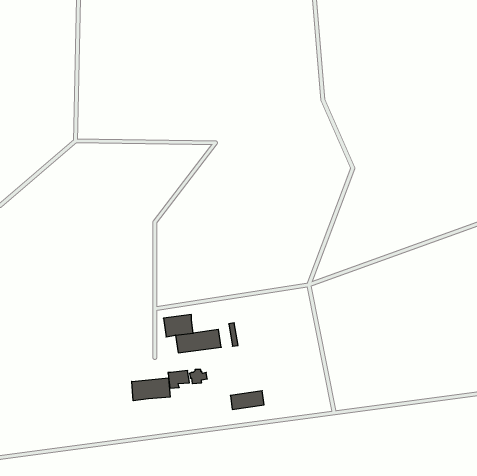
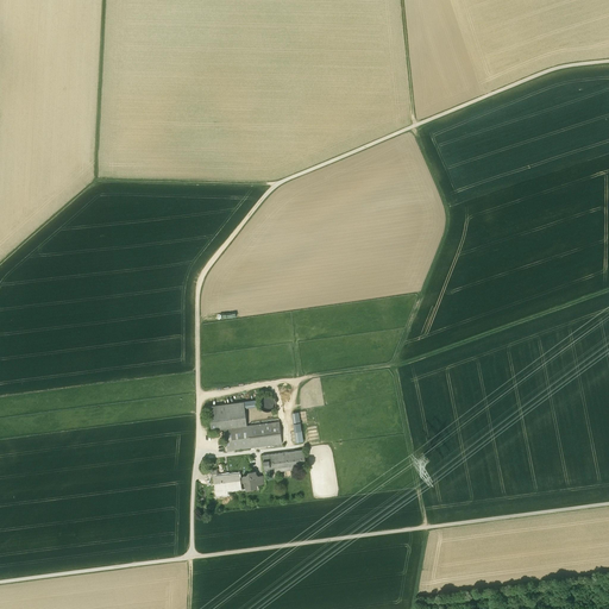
building: [132,378,170,401] -> none
building: [230,391,264,409] -> [263,448,306,472]

